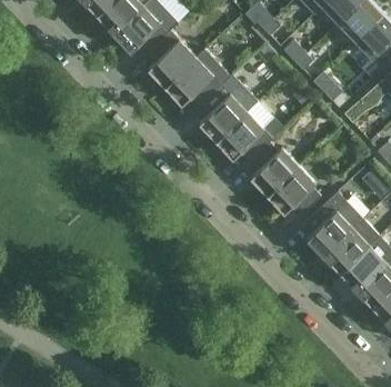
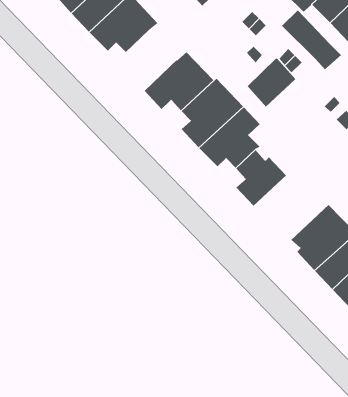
building: none -> [281,9,342,70]
building: [148,30,196,87] -> none
building: none -> [247,58,296,107]
building: [267,166,320,214] -> none

